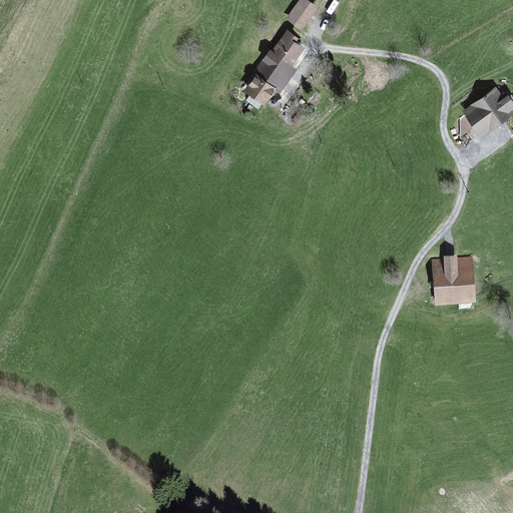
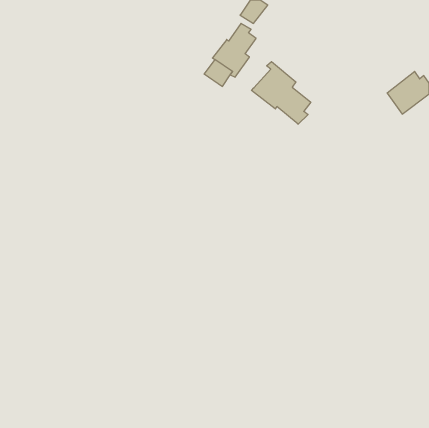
building: none -> [252,62,311,124]
building: [432,254,476,306] -> none

